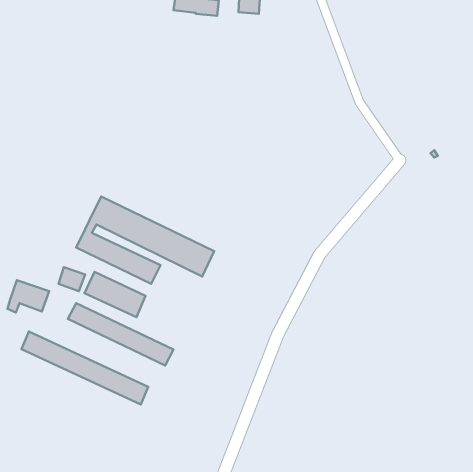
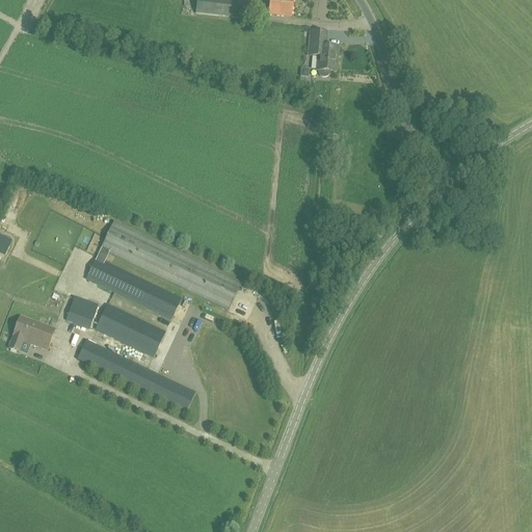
building: none -> [308,29,336,76]
building: [22,331,148,405] -> none

